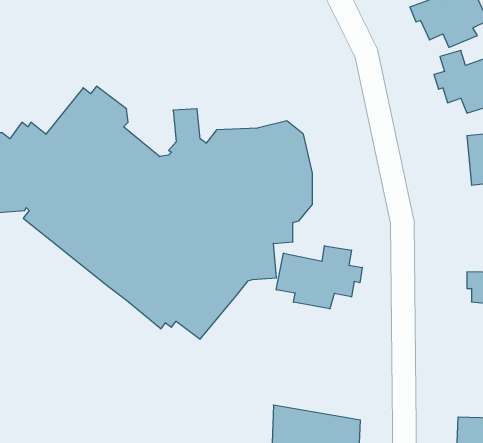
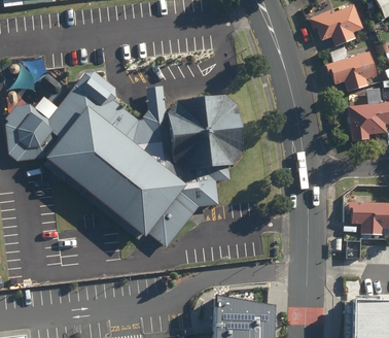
building: [276,246,362,309] -> none

